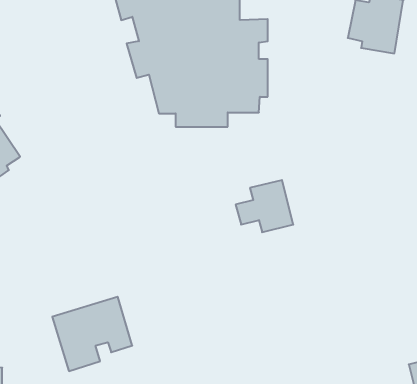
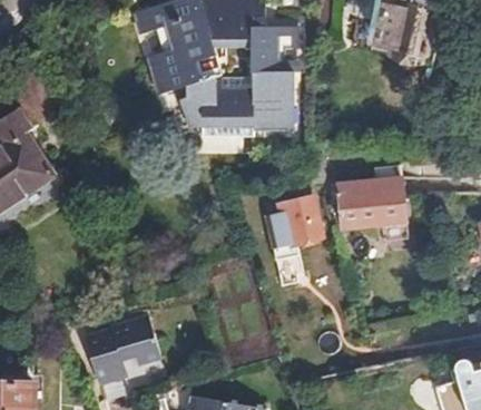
building: none -> [337,169,405,232]

